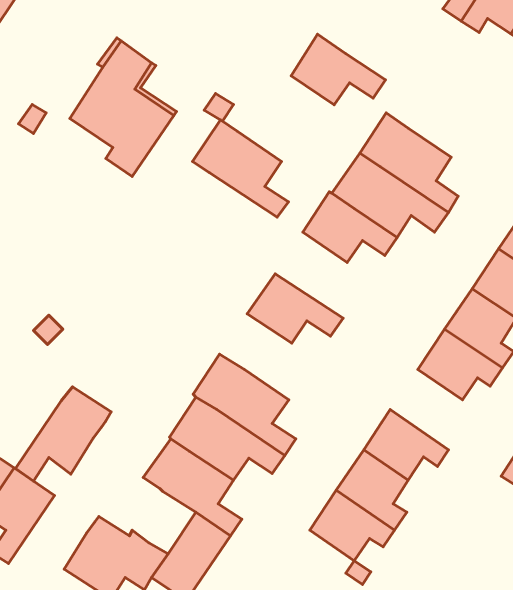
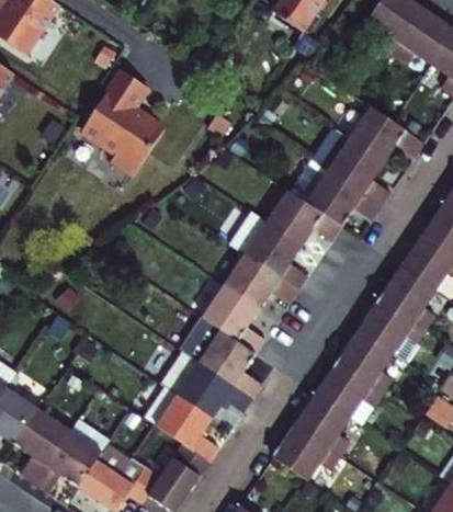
building: [291,34,386,105] -> [350,106,424,162]
building: [193,120,288,217] -> [231,213,307,289]
building: none -> [201,286,264,354]
building: none -> [336,330,393,394]
building: [15,387,111,481] -> [34,419,110,493]

